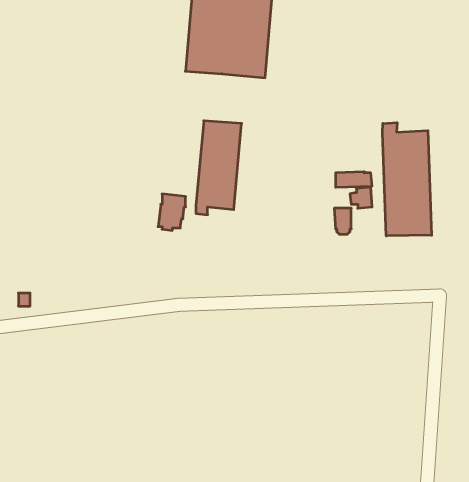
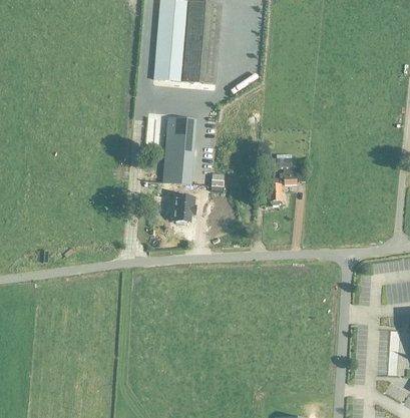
building: [382,123,432,236] -> none
building: [158,194,186,230] -> [172,195,193,224]

